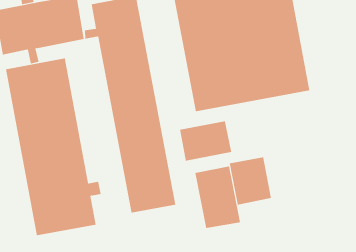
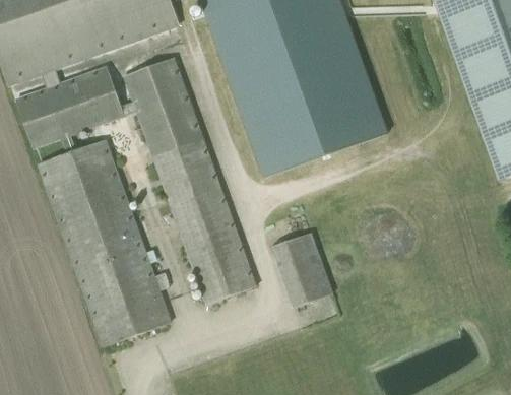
building: [180,121,232,161] -> none
building: [229,156,271,205] -> none

